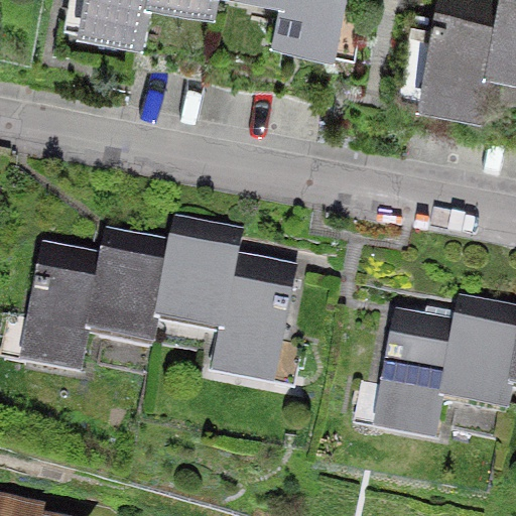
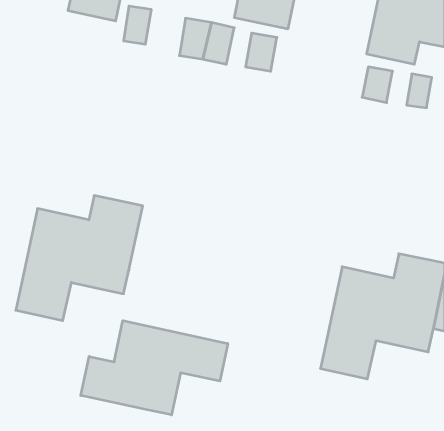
building: [150,210,299,381] -> none
building: none -> [81,321,228,415]

